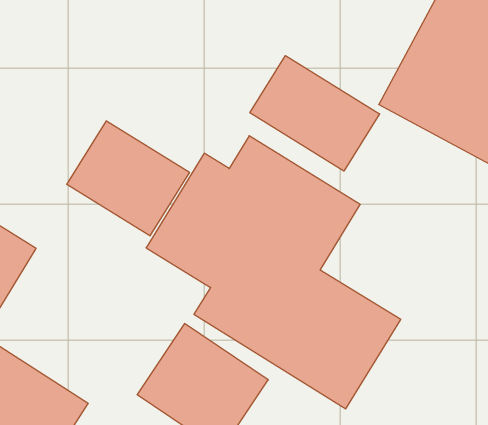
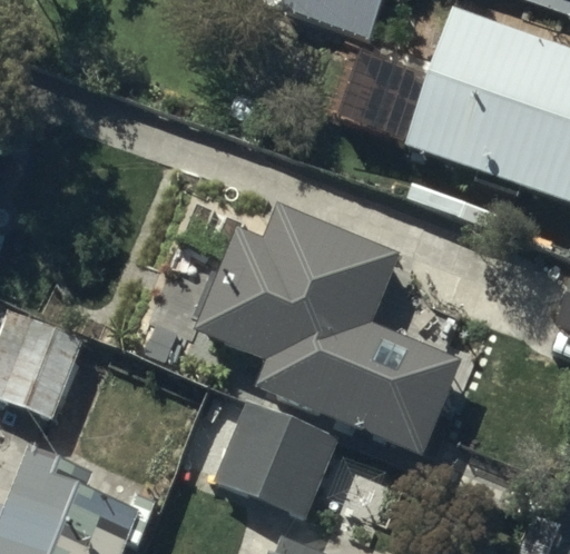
building: [250,56,380,171] -> none
building: [67,121,189,236] -> none

